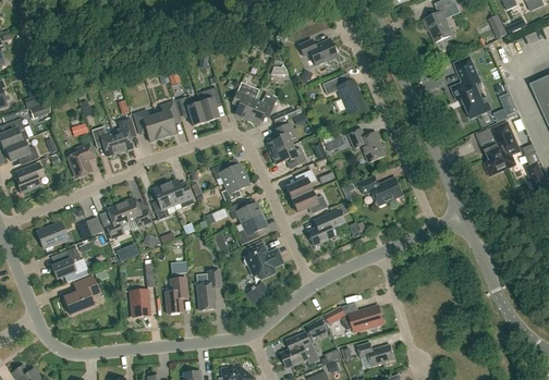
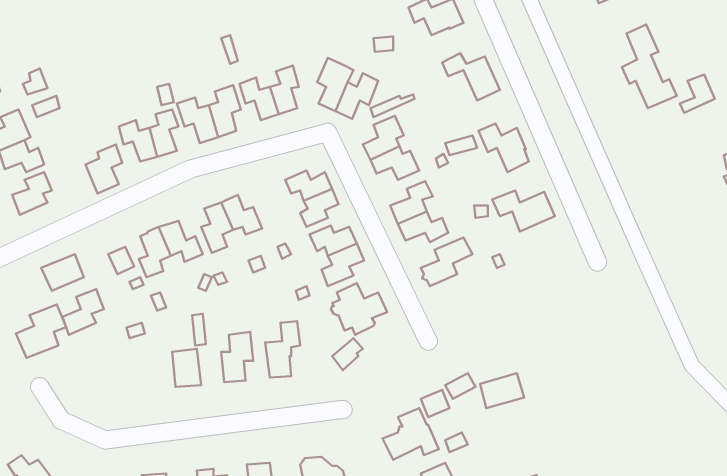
building: [484,122,520,174] -> none
building: [63,275,99,314] -> [16,304,66,358]
building: [357,342,394,366] -> none

